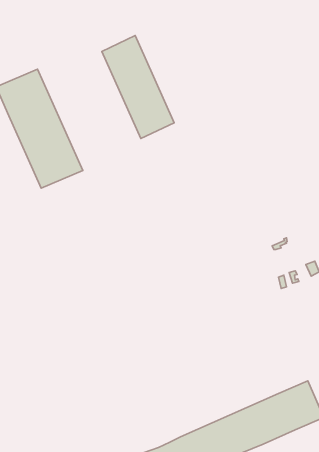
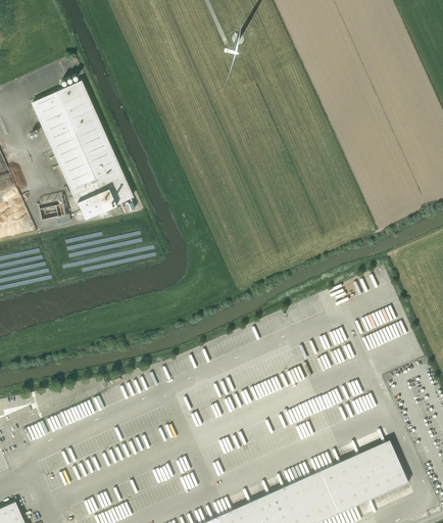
building: [102,36,174,139] -> none

